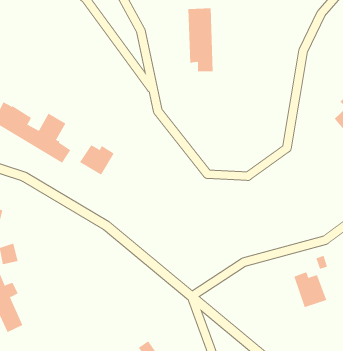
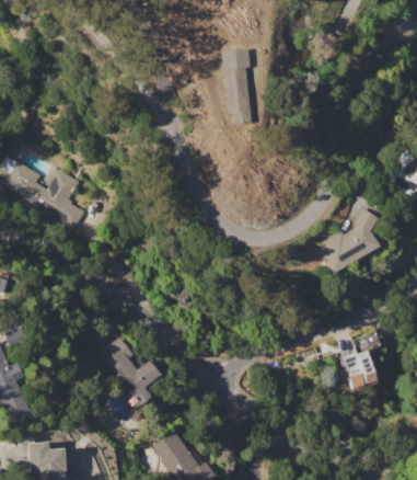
building: [79,144,114,175] -> none
building: none -> [317,208,379,274]
building: none -> [100,336,161,405]

